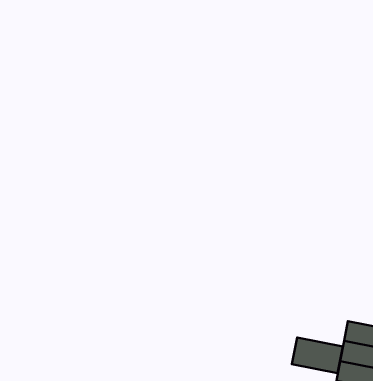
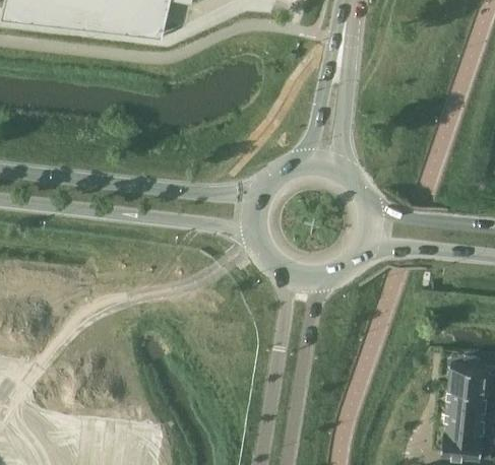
building: [292,338,343,373] -> none

